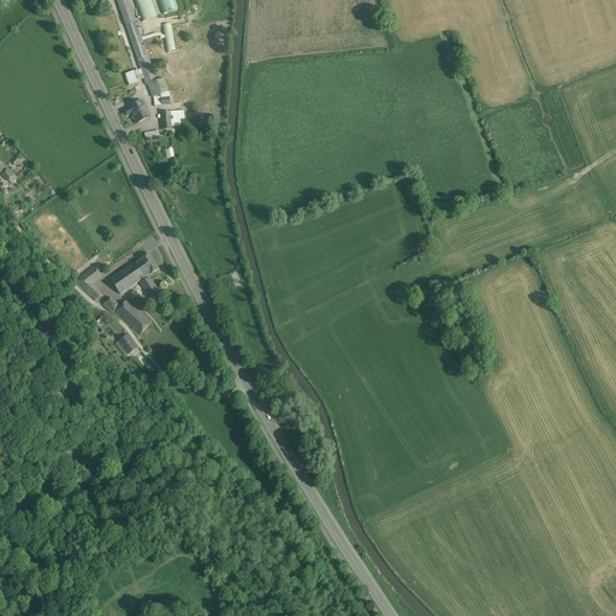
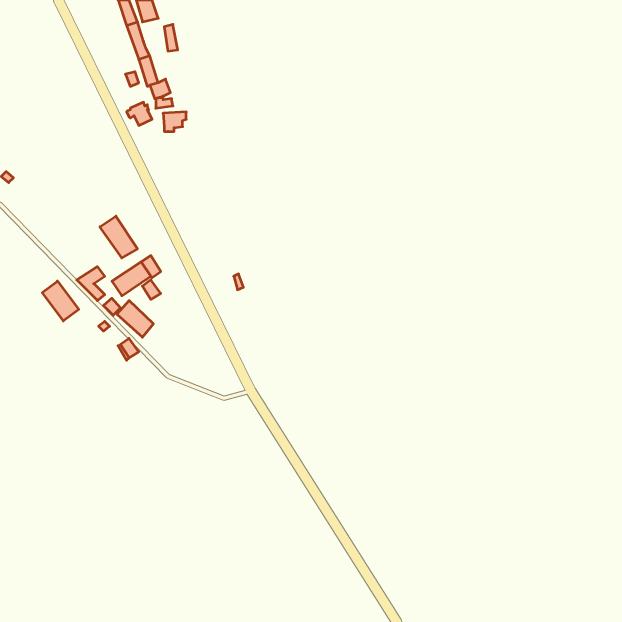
building: none -> [100,216,137,258]
building: none -> [42,281,79,321]

